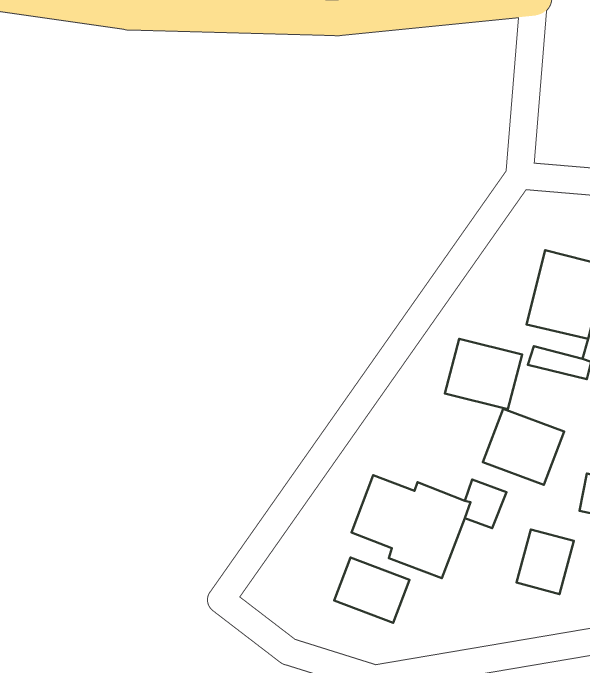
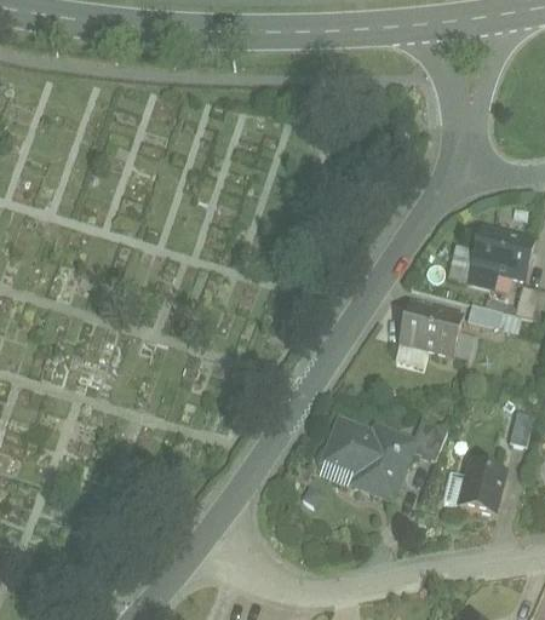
building: [483,409,564,485] -> none
building: [334,558,409,623] -> none

